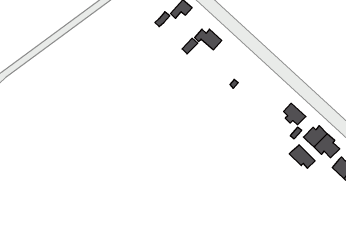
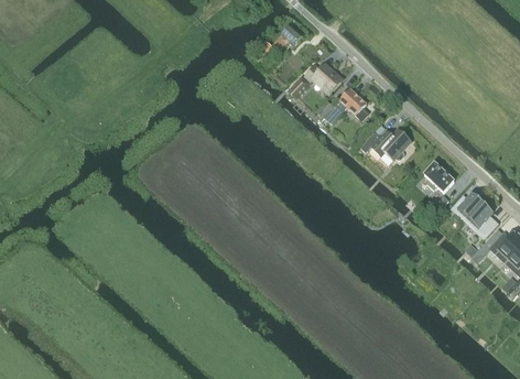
building: none -> [325,90,369,121]
building: none -> [361,128,412,160]
building: [289,145,315,168] -> none

